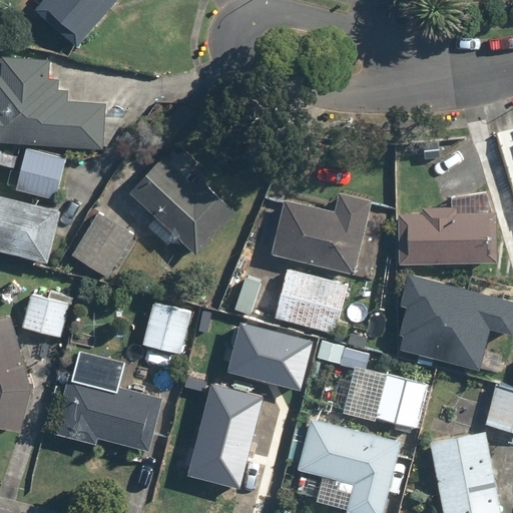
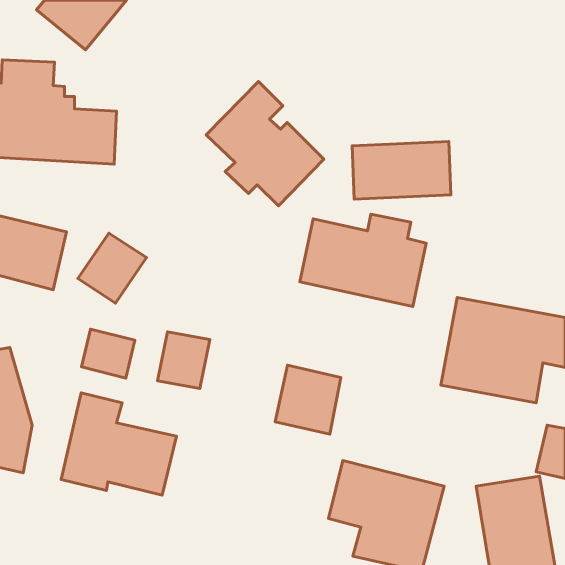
building: [128,142,234,254] -> [206,81,324,206]
building: [14,148,65,200] -> none
building: [404,211,493,264] -> [352,142,451,199]
building: [272,270,348,335] -> none
building: [20,294,68,338] -> [82,329,135,378]
building: [316,341,430,430] -> none
building: [188,371,269,486] -> none

